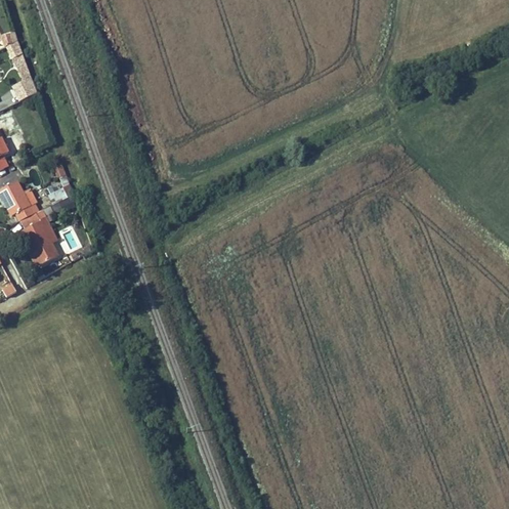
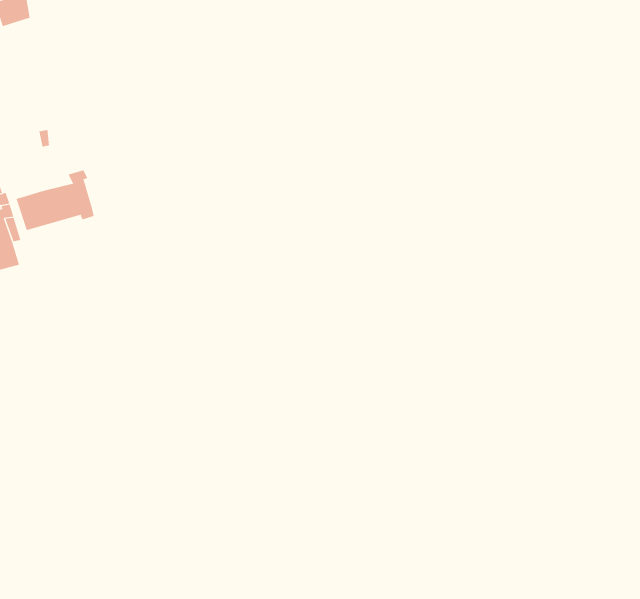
building: none -> [16,169,94,231]

